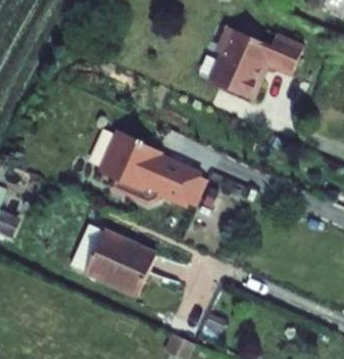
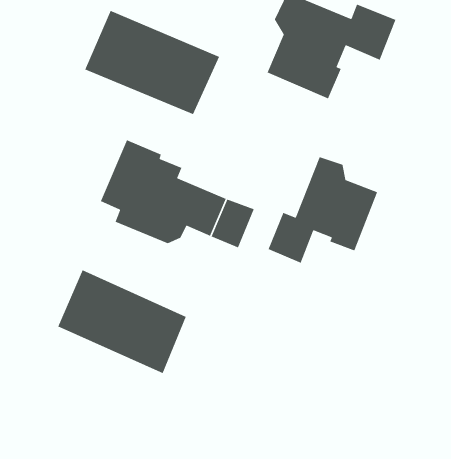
building: none -> [84,10,220,115]
building: none -> [268,156,378,264]

